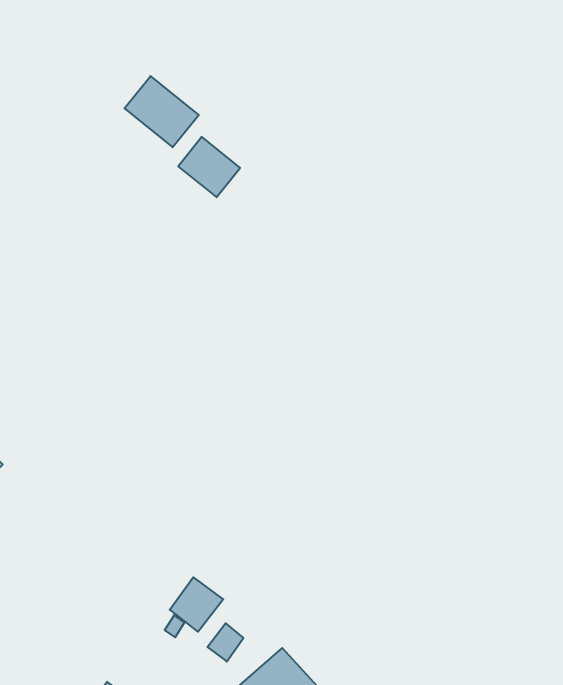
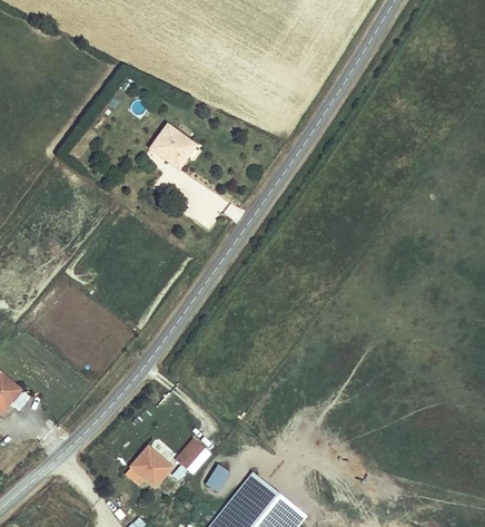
building: [124,76,199,147] -> none
building: none -> [131,446,170,484]

